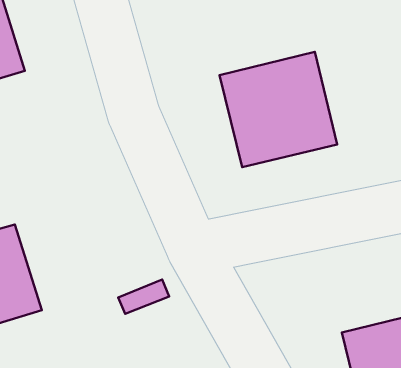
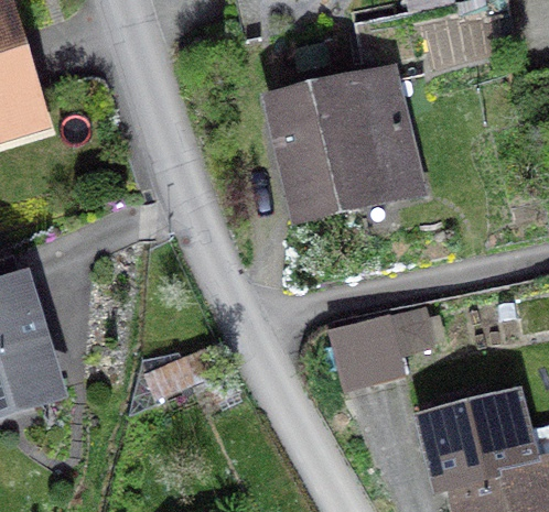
building: none -> [333,314,410,389]

